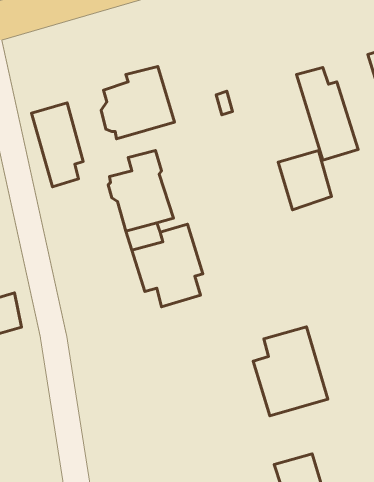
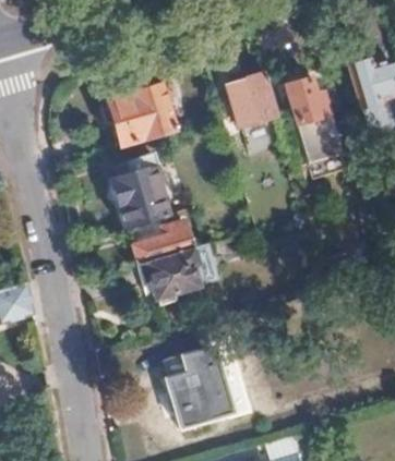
building: [32,103,83,187] -> none
building: [278,150,332,210] -> [227,73,276,128]
building: [253,327,328,416] -> [166,345,235,427]

